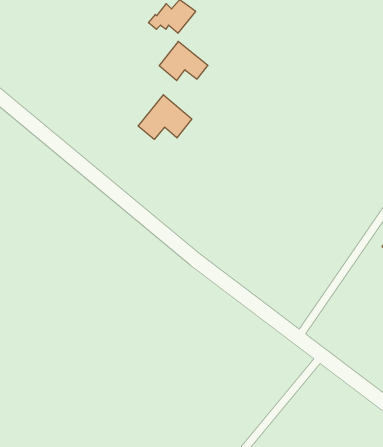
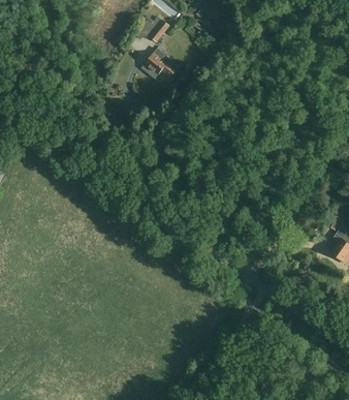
building: [138,95,192,139] -> none

